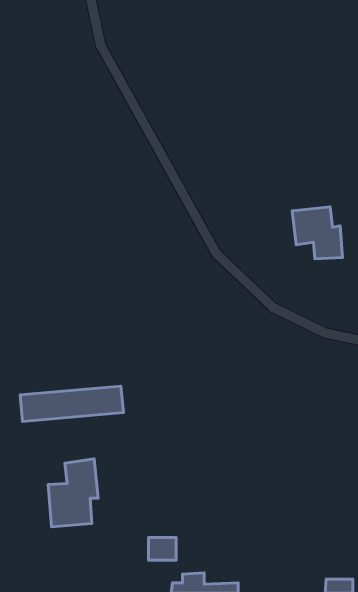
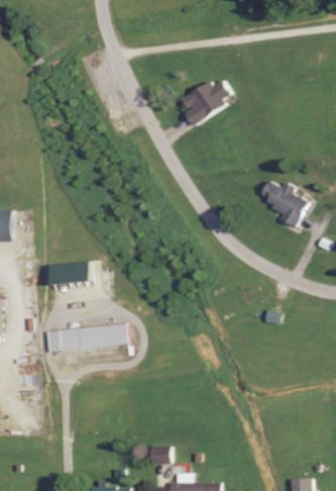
building: none -> [180,76,230,125]
building: [48,459,98,527] -> none

